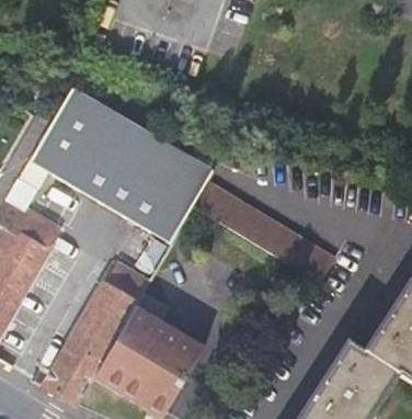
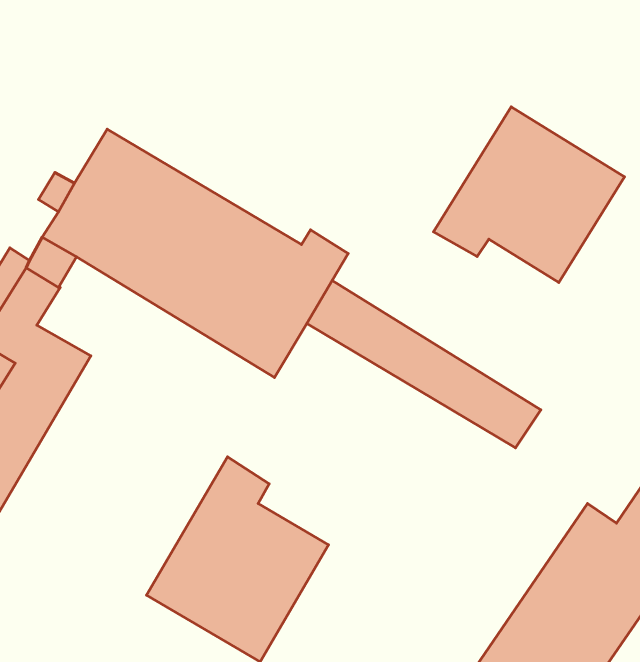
building: none -> [434,107,625,282]
building: [43,260,150,404] -> none

